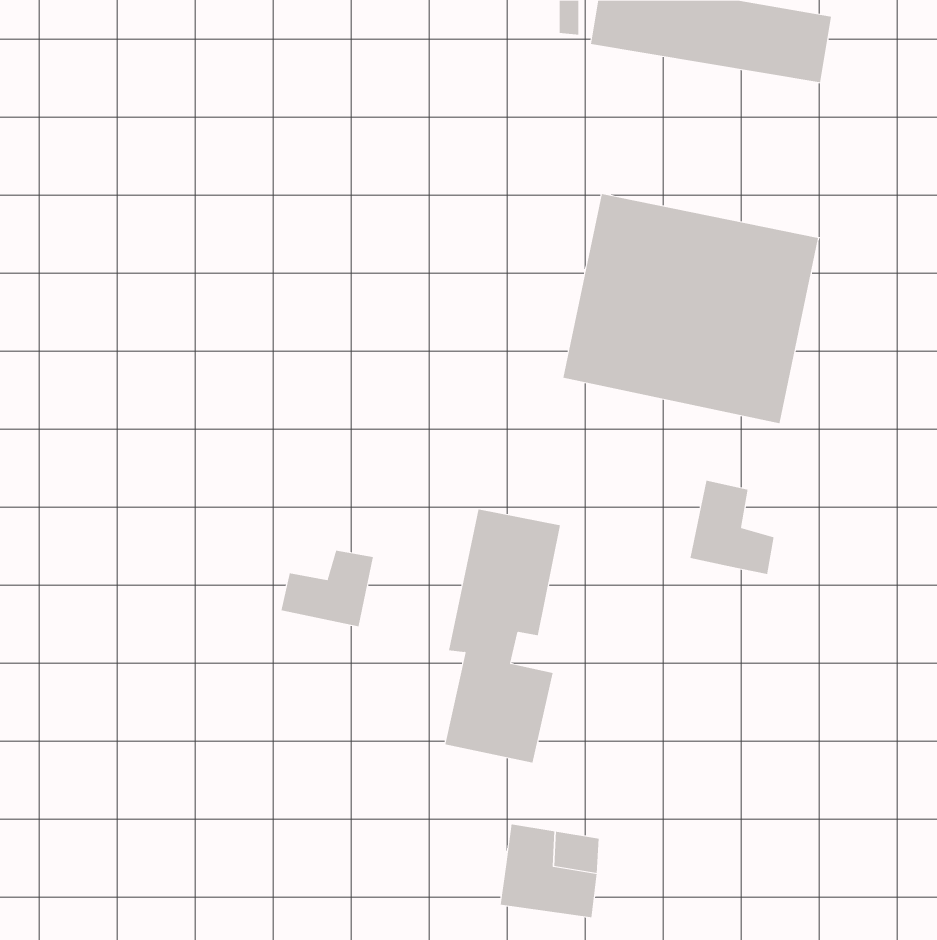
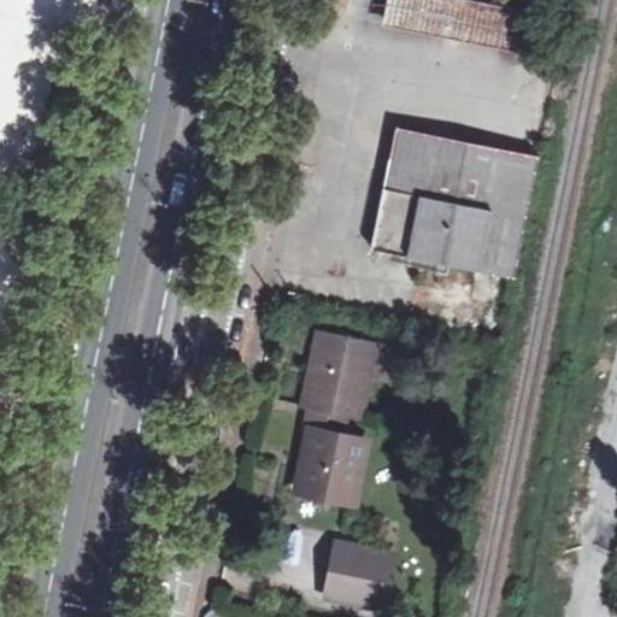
building: [690,480,774,575] -> none
building: [281,550,374,627] -> none

